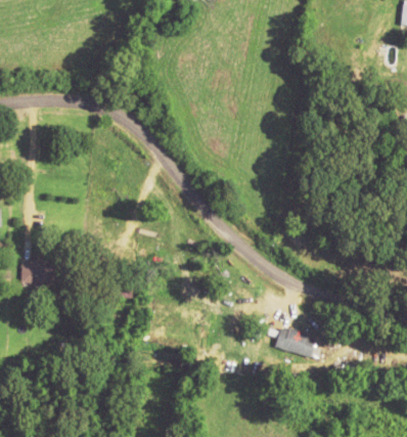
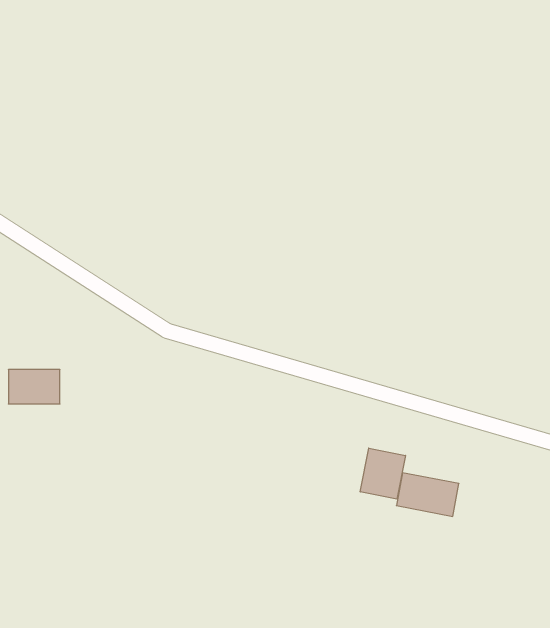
building: none -> [360,448,405,499]

